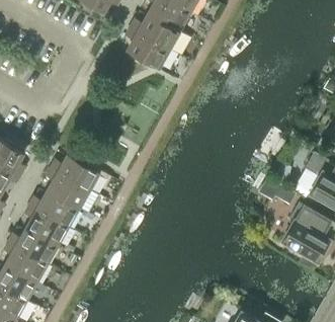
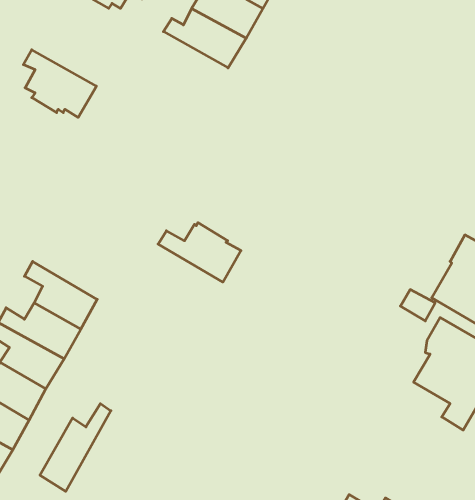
building: [124,26,169,68] -> [23,50,96,117]
building: [50,154,100,190] -> [158,223,241,282]
building: none -> [40,404,111,491]

